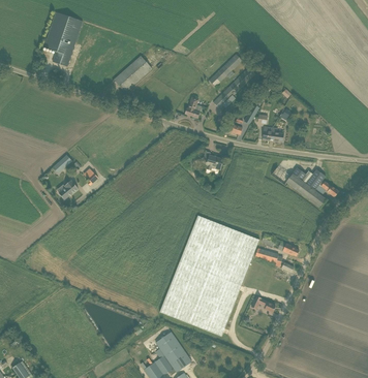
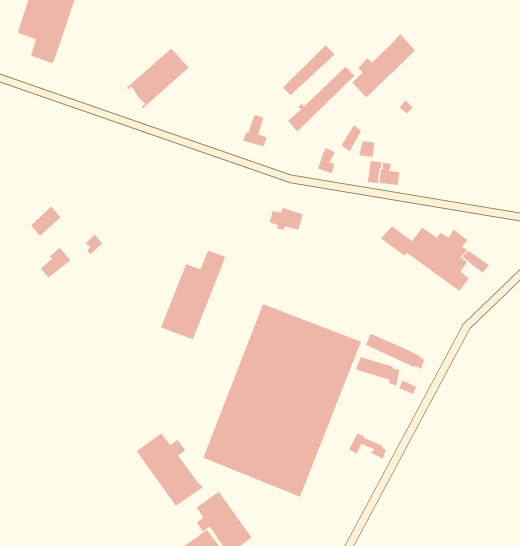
building: none -> [352,33,416,98]
building: none -> [160,250,226,340]
building: none -> [136,433,204,507]

